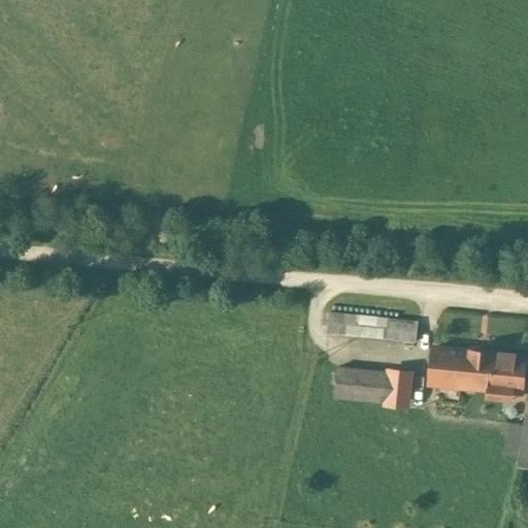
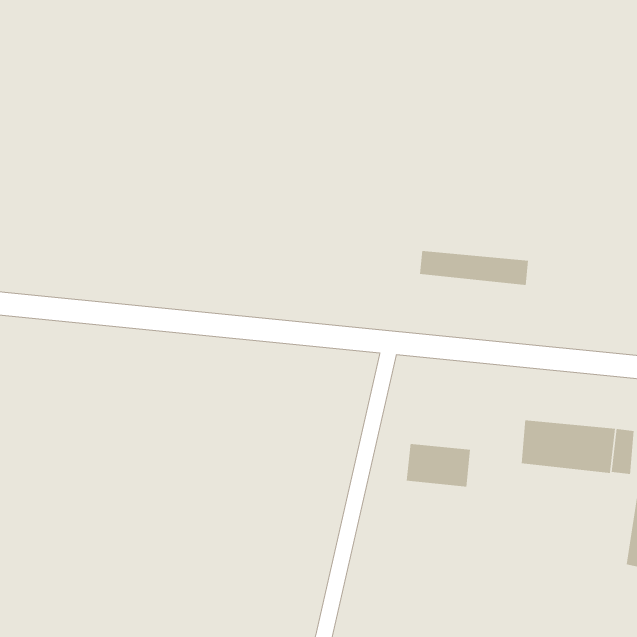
building: [328,314,419,342] -> [419,250,529,285]
building: [388,367,412,402] -> none

